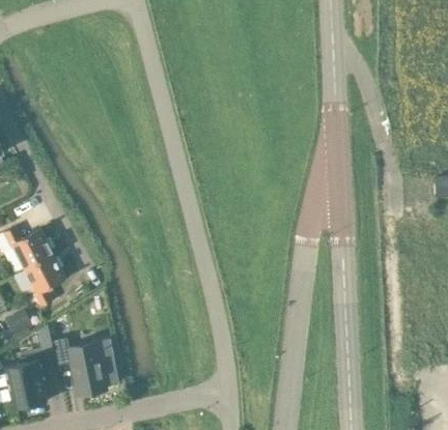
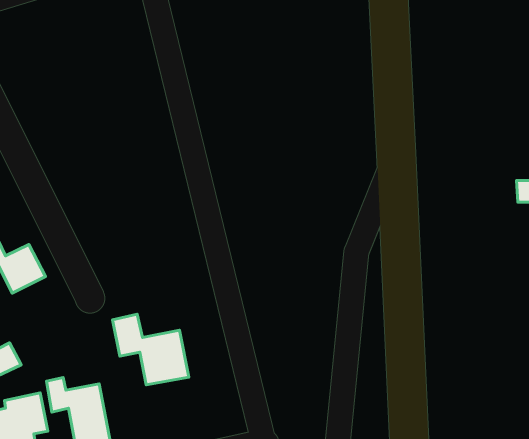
building: [26,256,64,307] -> none
building: none -> [113,314,189,385]

